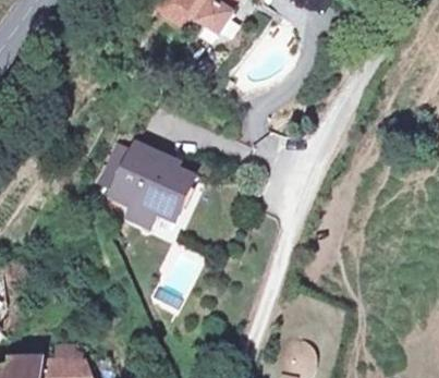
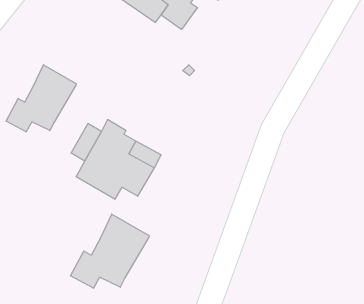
building: none -> [6,65,76,132]
building: none -> [71,214,149,288]

